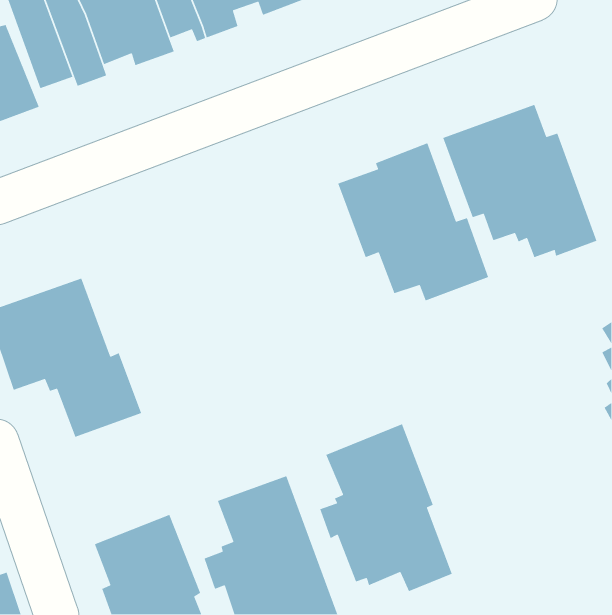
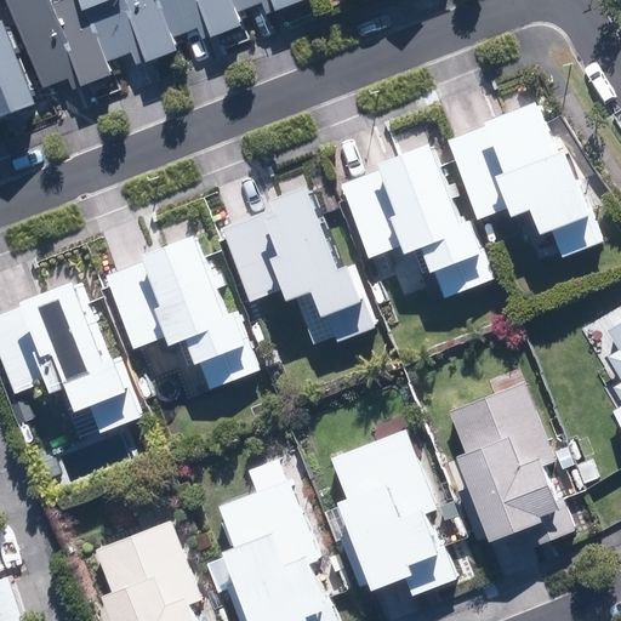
building: none -> [221,187,386,361]
building: none -> [106,217,260,388]
building: none -> [448,368,574,547]

